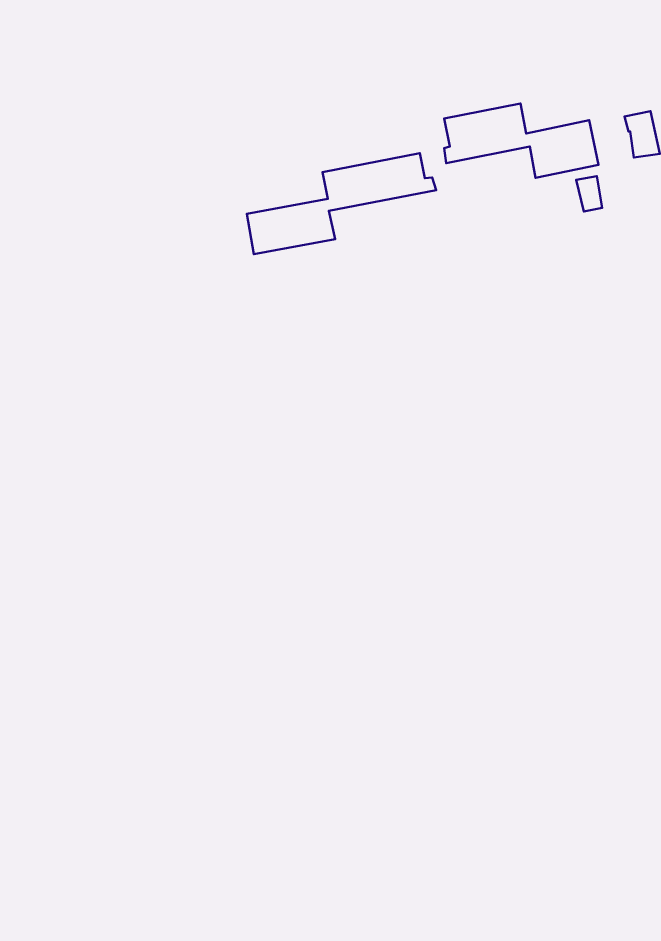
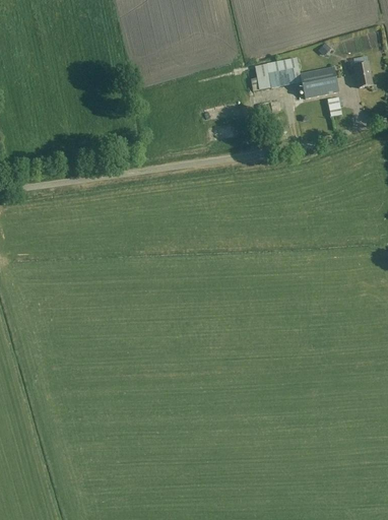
building: [247,153,436,254] -> none

